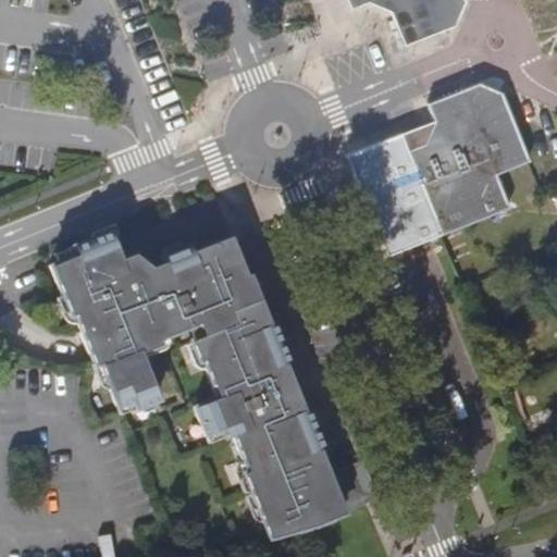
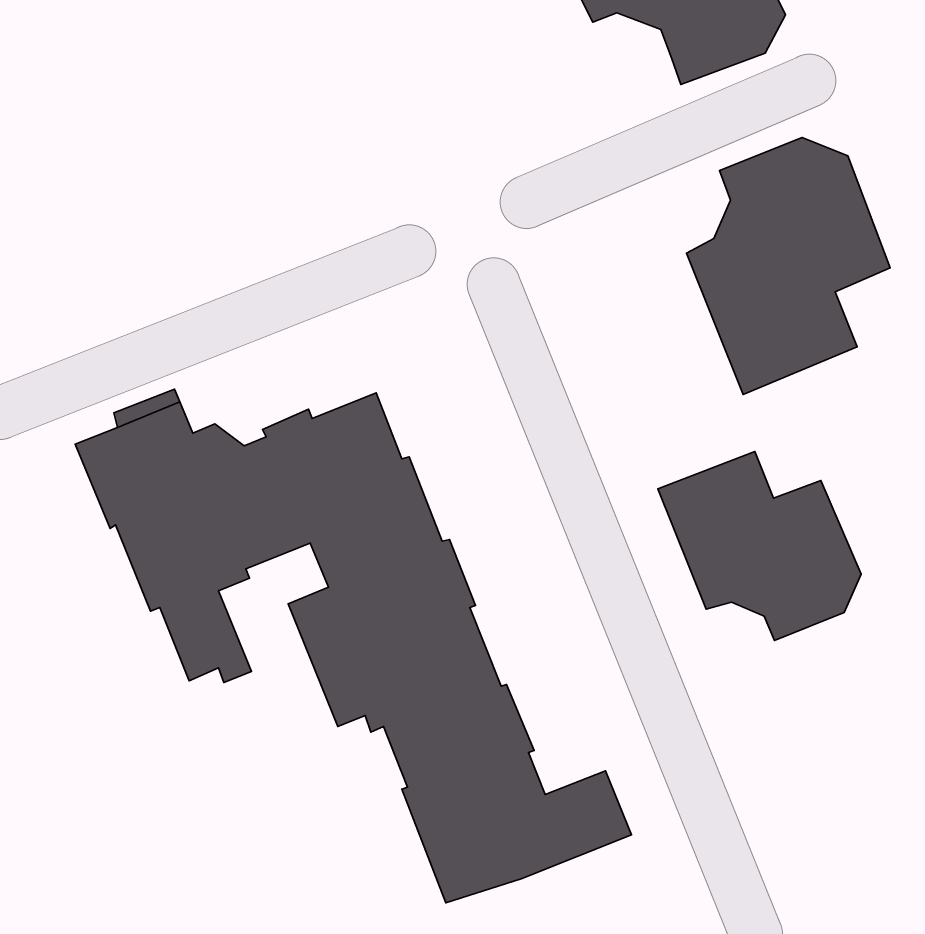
building: [351,119,448,256] -> none
building: none -> [658,451,861,641]

